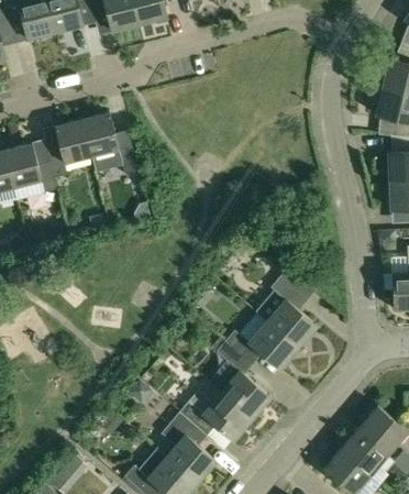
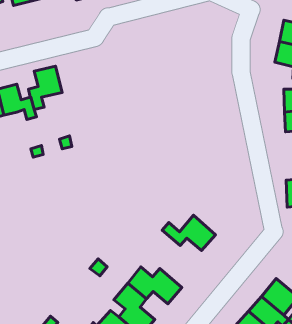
building: [82,113,137,174] -> none
building: [267,276,316,347] -> none
building: [215,340,270,417] -> none

